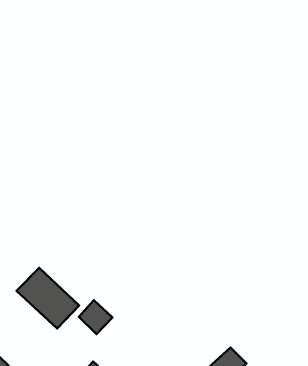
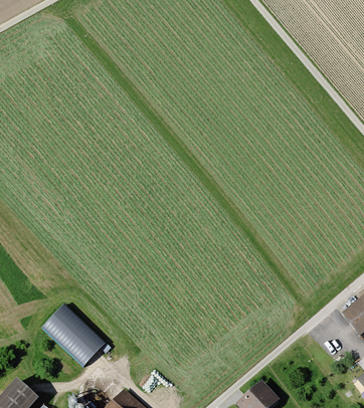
building: [79,300,112,334] -> none

